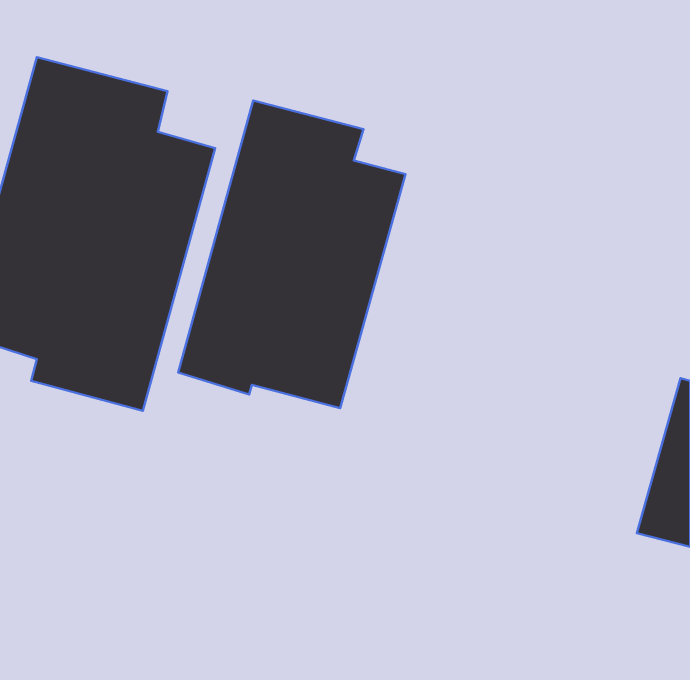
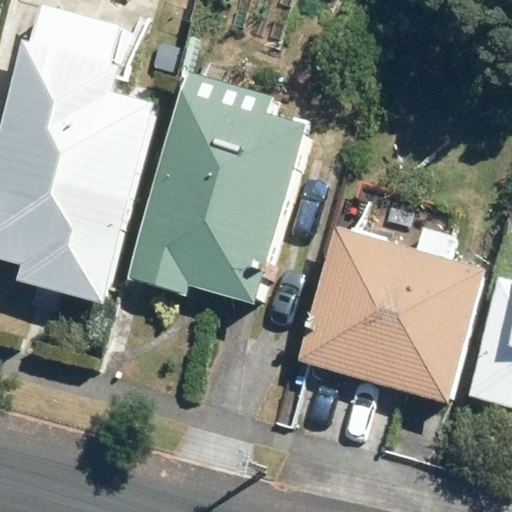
building: none -> [302,228,481,396]

